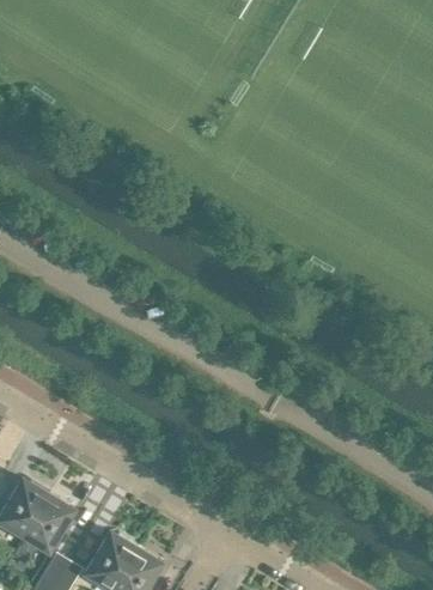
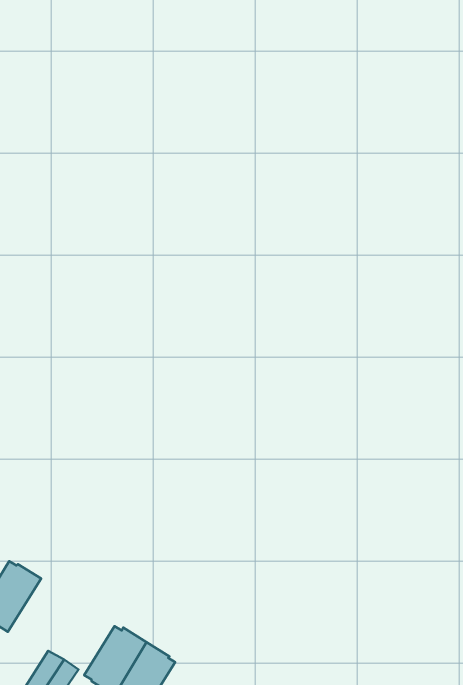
building: [20,493,72,551] -> none

